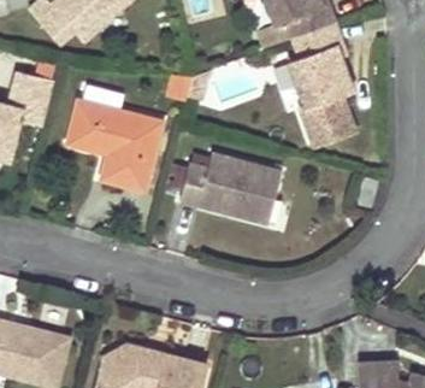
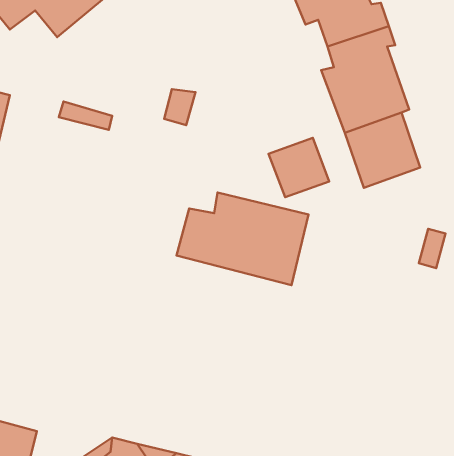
building: [64,100,160,192] -> none
building: none -> [269,138,329,197]

